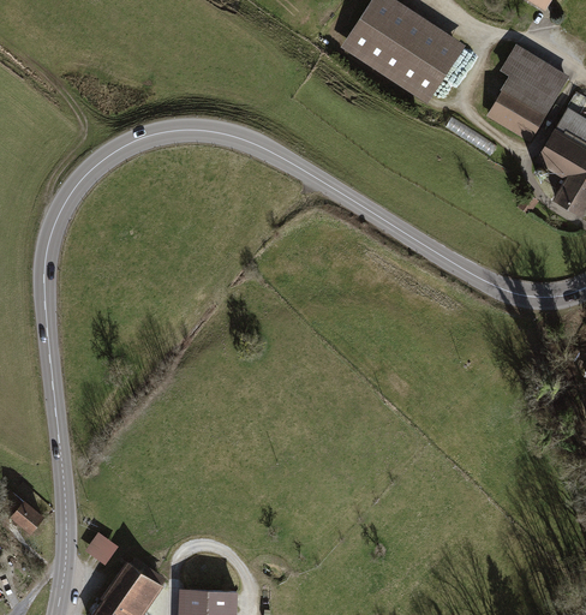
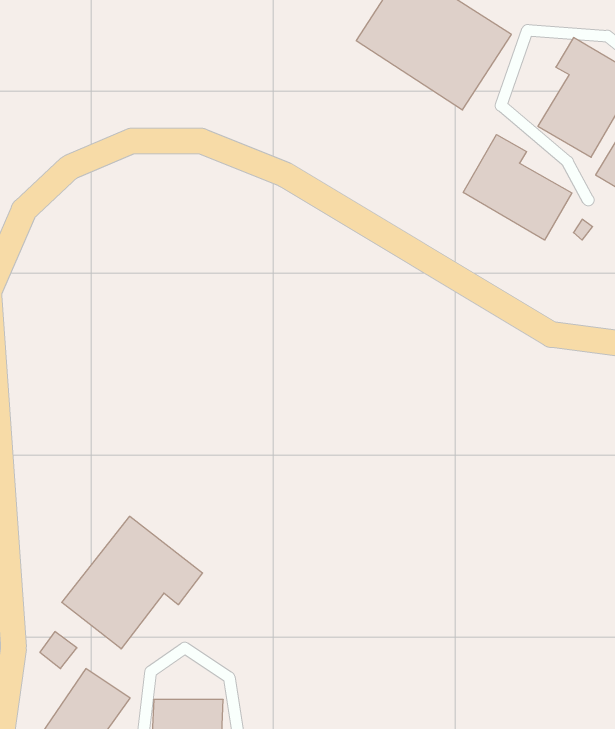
building: none -> [463,135,572,240]
building: none -> [62,516,203,649]

